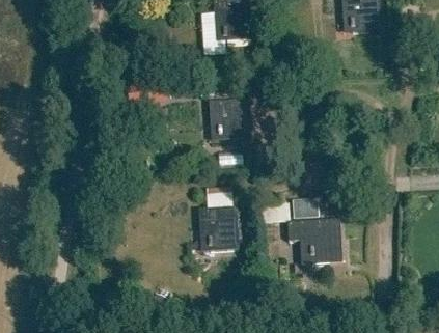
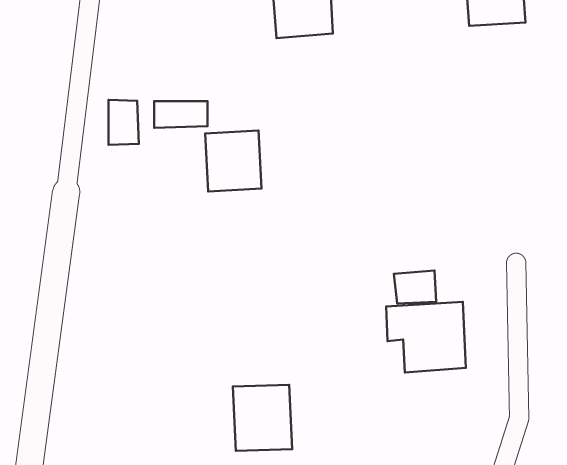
building: none -> [109,100,139,145]
building: [210,100,247,140] -> [205,130,262,192]
building: [199,207,239,251] -> [233,385,292,451]

